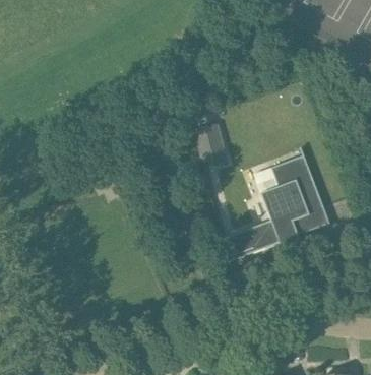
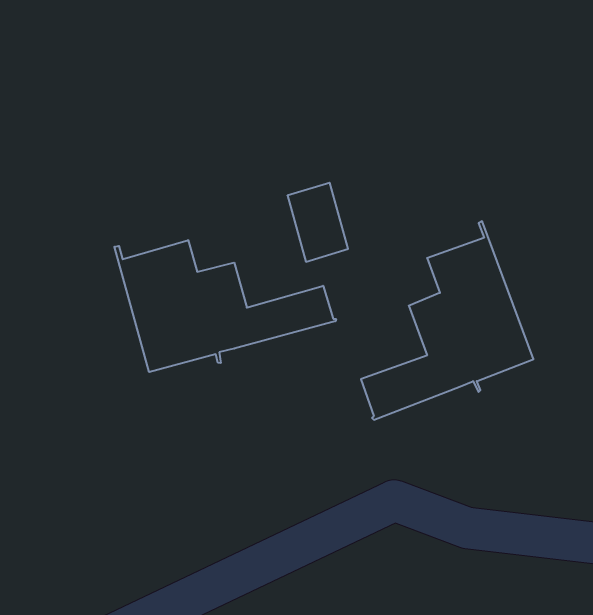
building: none -> [114,240,336,372]

